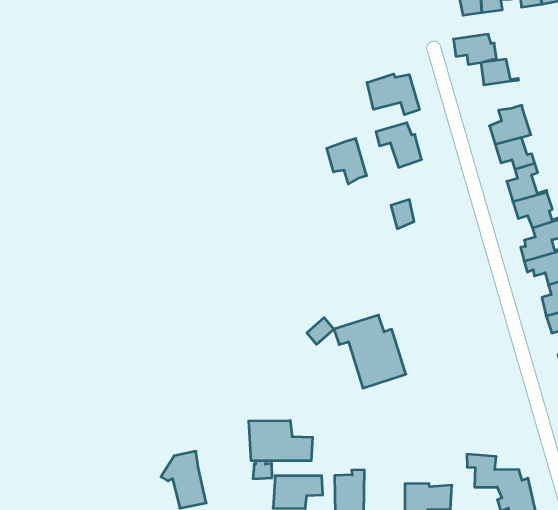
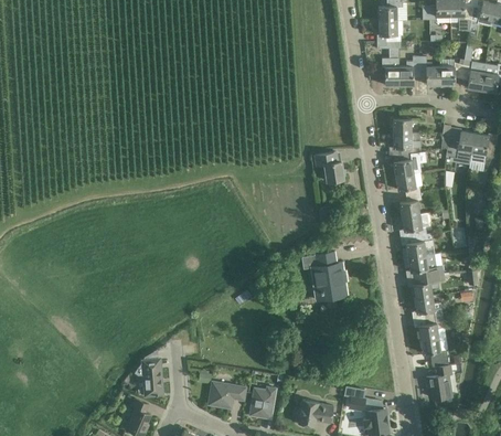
building: [453,34,496,64] -> [392,135,419,153]
building: [367,74,419,115] -> none
building: [327,138,367,184] -> none
building: [334,315,406,388] -> [300,253,345,301]
building: [249,420,313,461] -> none

